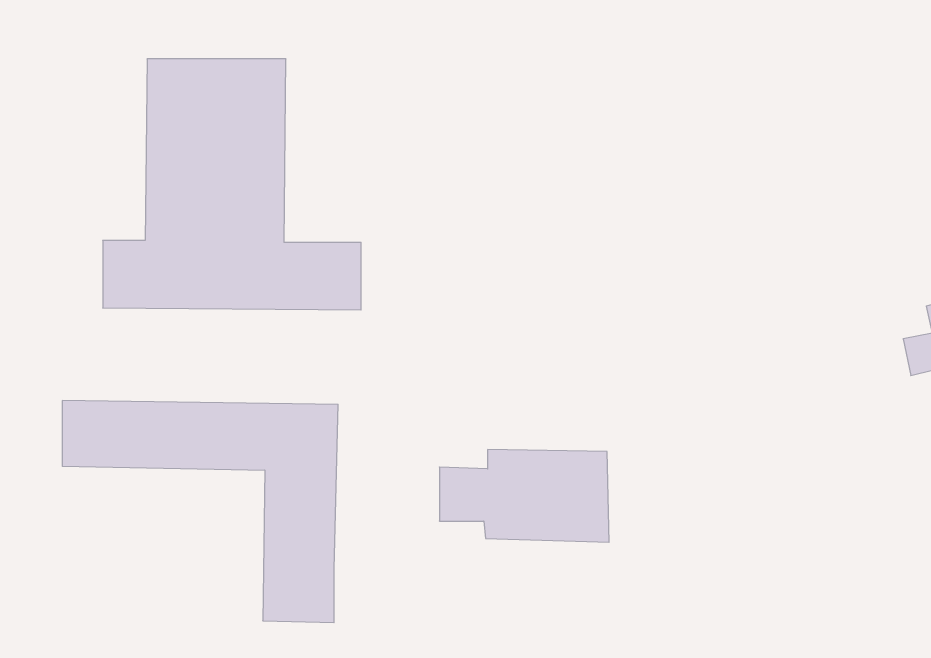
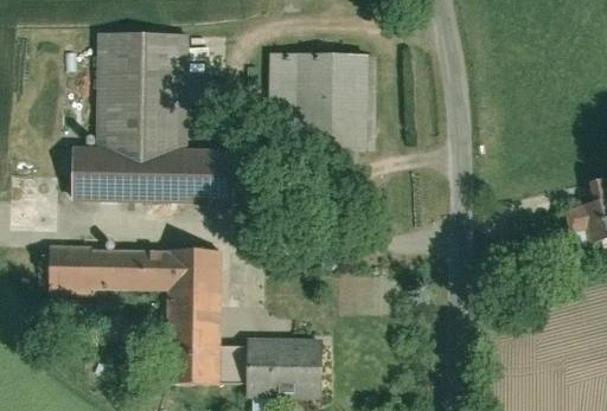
building: none -> [268,53,371,148]
building: [439,450,609,542] -> [215,340,319,397]

